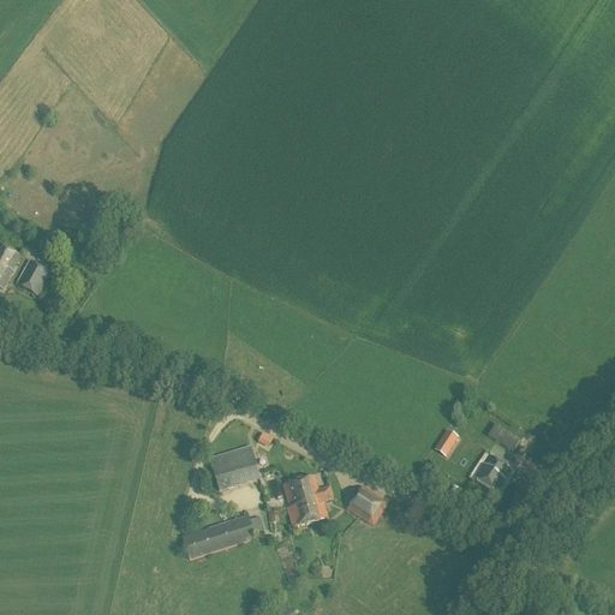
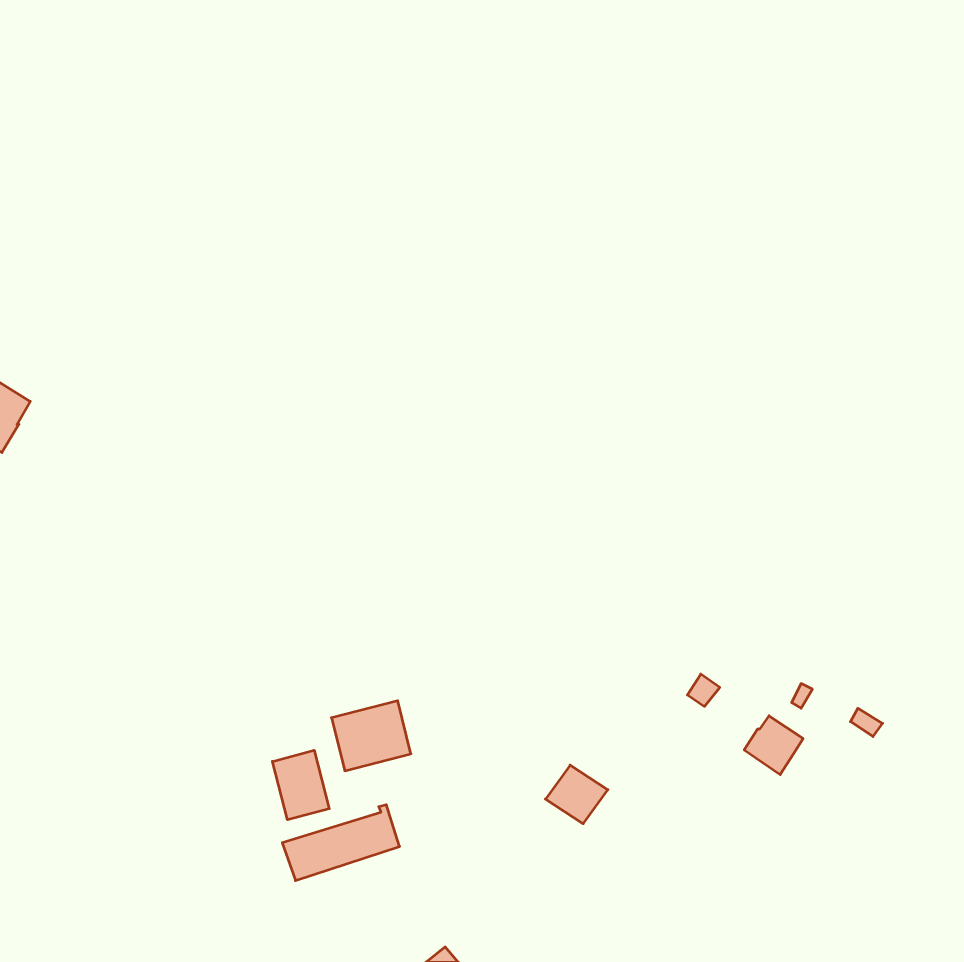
building: [13,258,49,294] -> none
building: [280,473,332,526] -> none
building: none -> [272,750,329,820]

